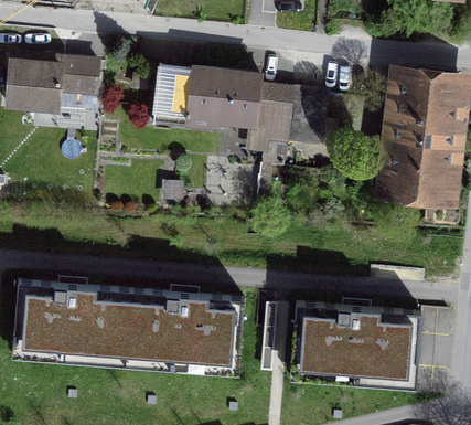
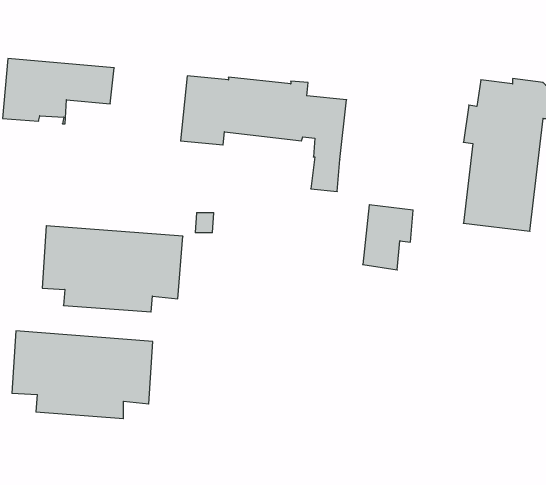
building: [286,94,328,148] -> [363,205,413,270]
building: [127,295,244,366] -> [42,226,183,312]
building: [291,308,421,381] -> none

